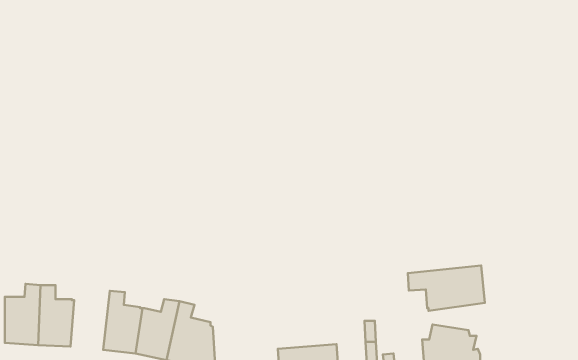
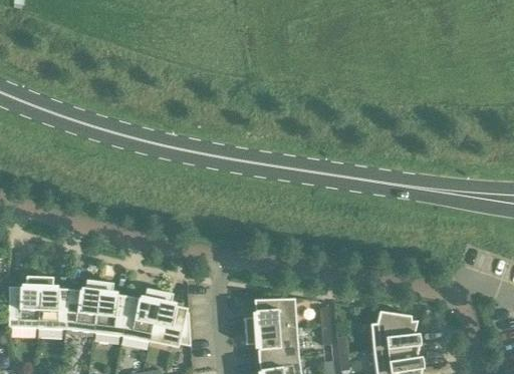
building: [408,266,485,311] -> none
building: none -> [65,280,99,333]
building: none -> [244,299,296,332]

